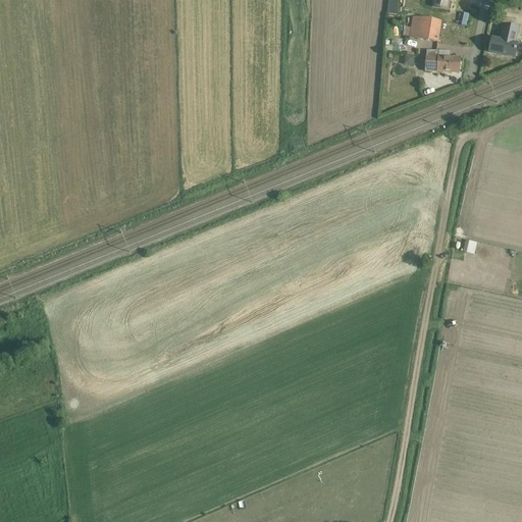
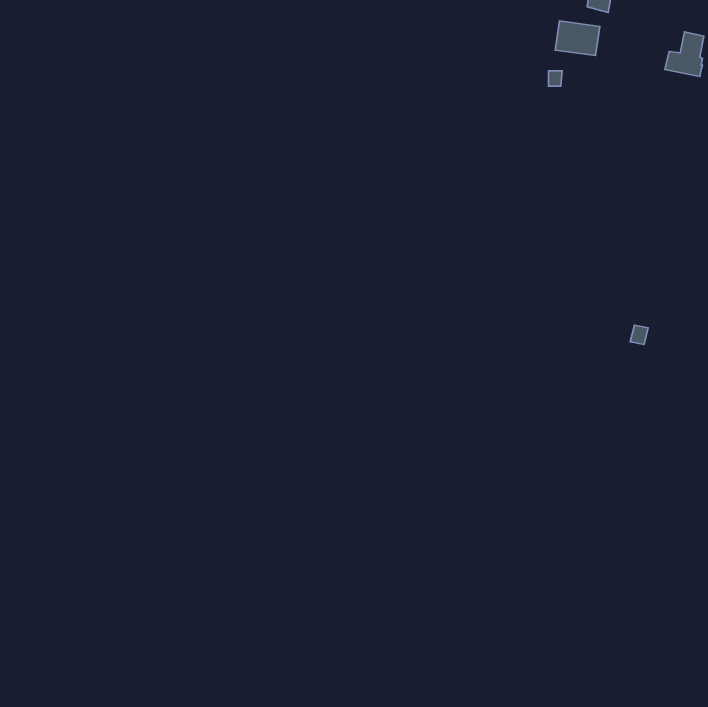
building: [424,49,459,71] -> none

